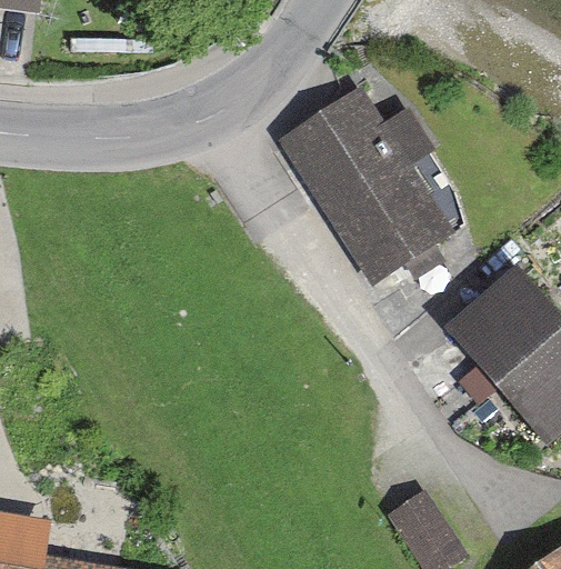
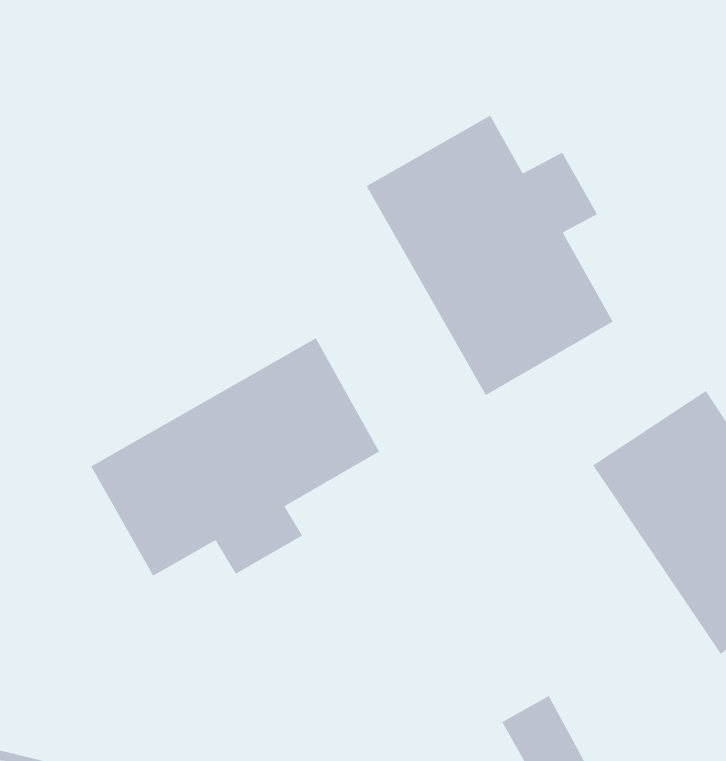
building: none -> [90,337,380,577]

